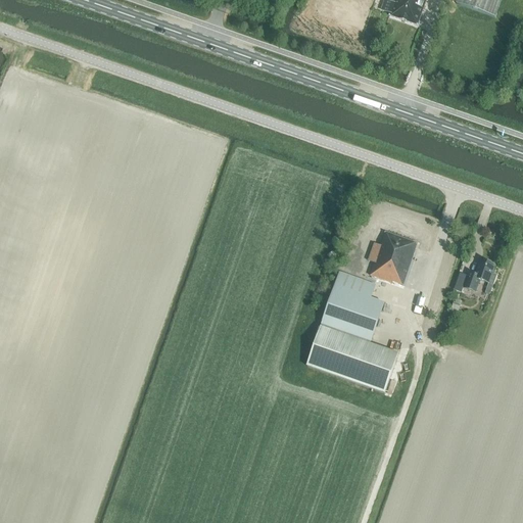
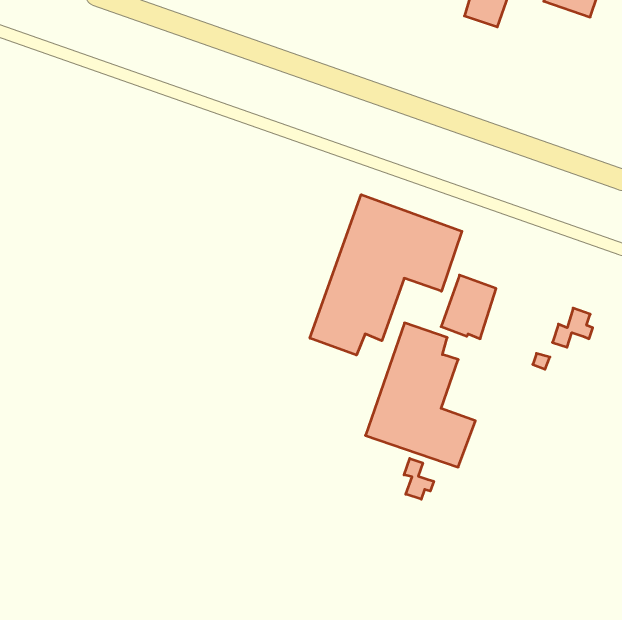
building: none -> [310,195,462,355]
building: none -> [404,458,434,499]

